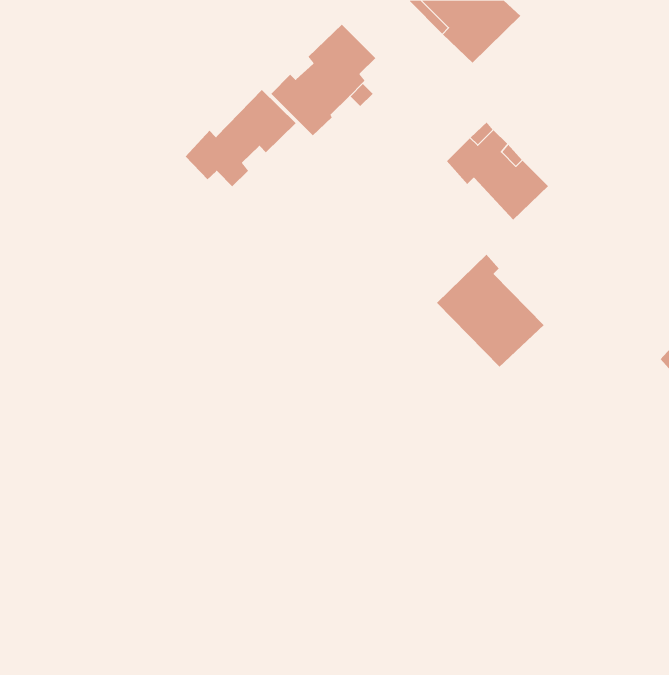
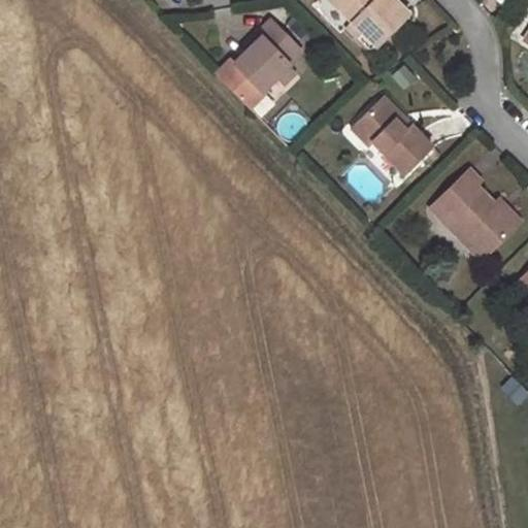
building: [185,89,296,187] -> none
building: [436,254,544,368] -> [432,169,517,258]

